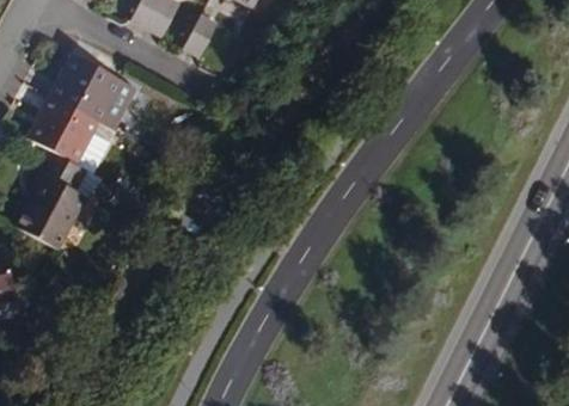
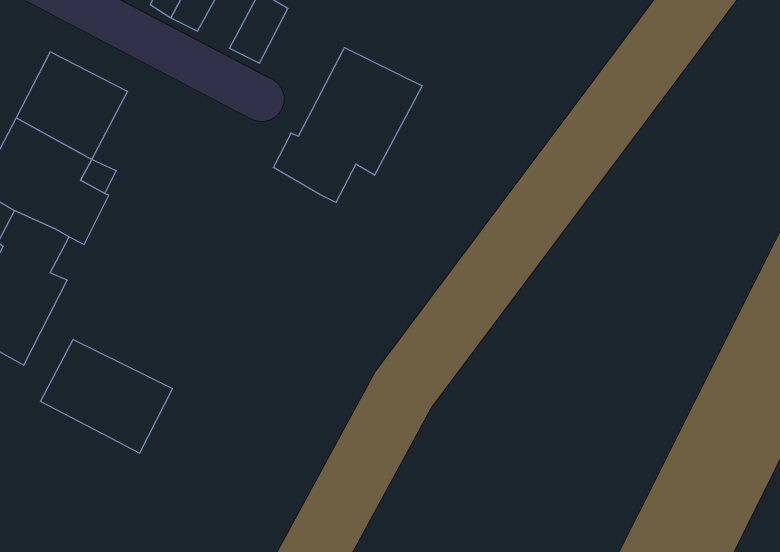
building: none -> [273,48,422,202]
building: none -> [40,339,172,453]

